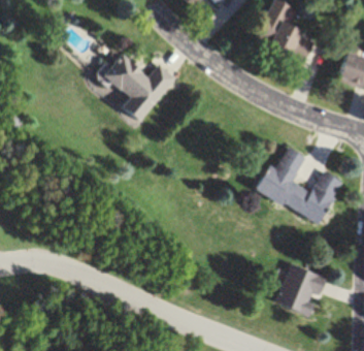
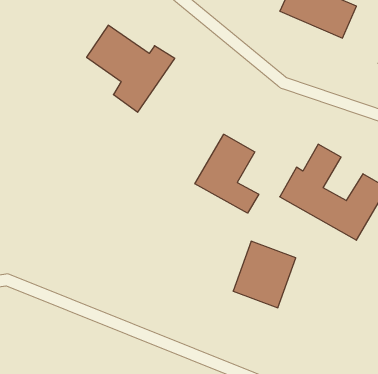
building: none -> [195,134,259,213]
building: [275,264,326,318] -> [233,241,296,308]

